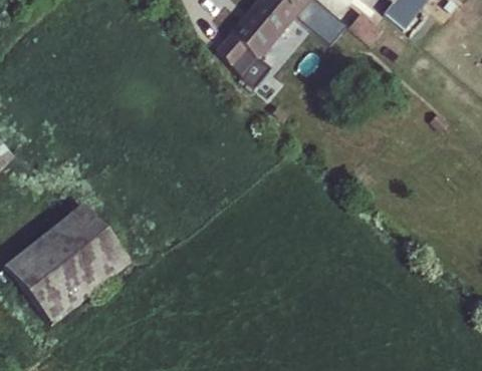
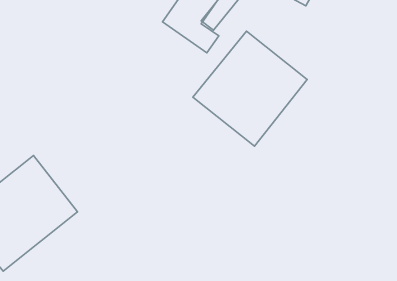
building: none -> [193,31,307,146]

